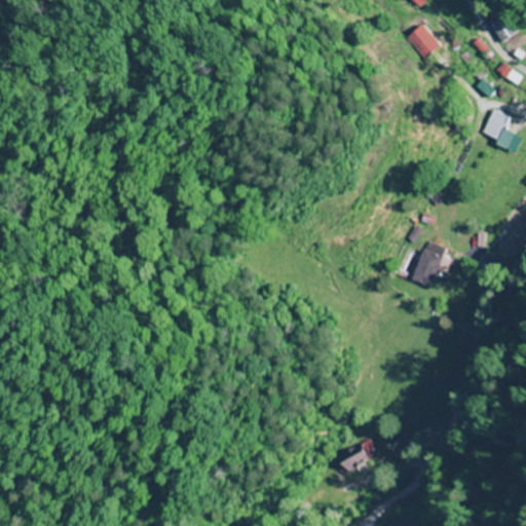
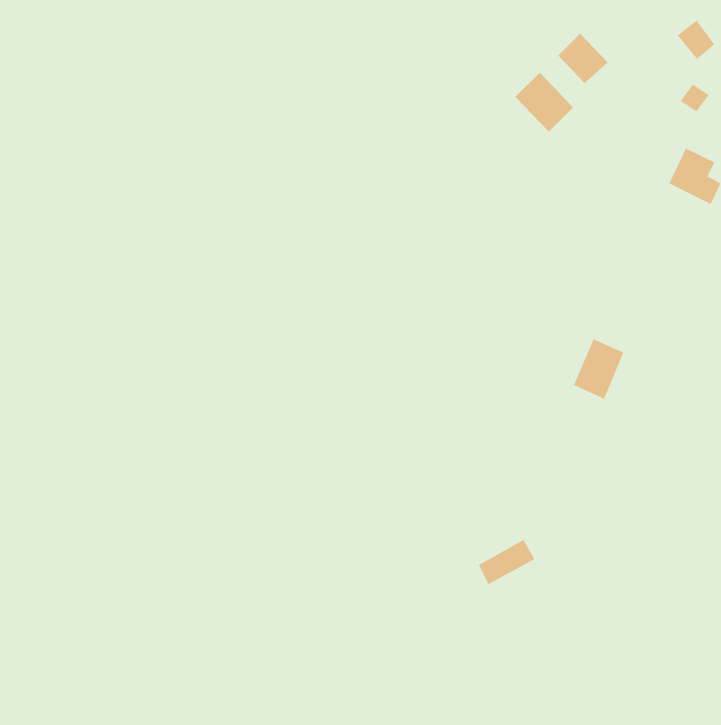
building: none -> [515,72,574,133]
building: [333,442,374,475] -> [478,539,535,585]

